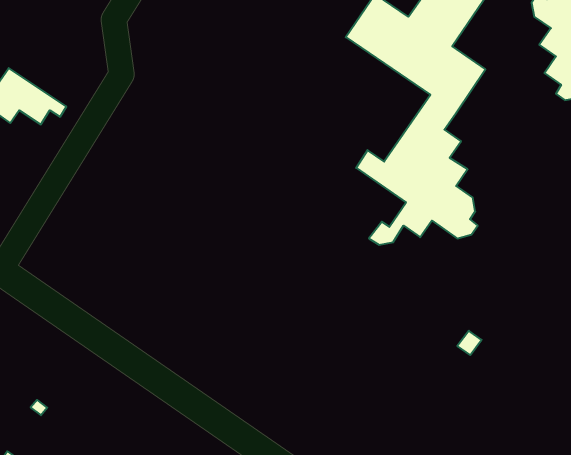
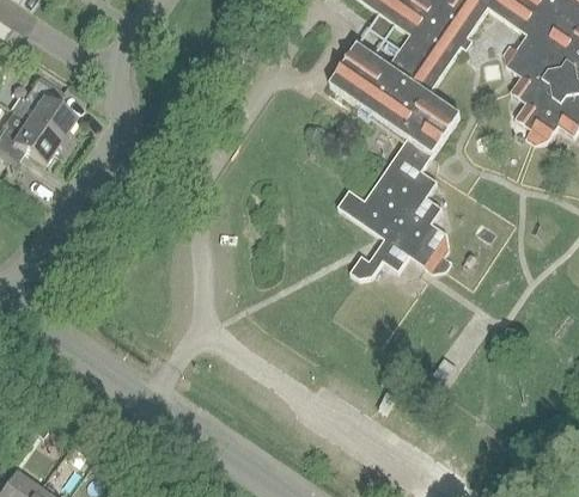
building: none -> [14,76,75,148]

